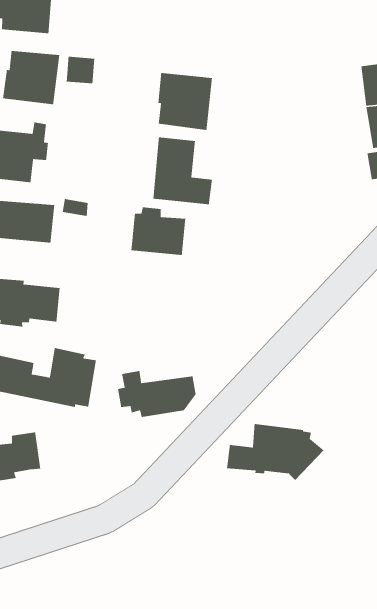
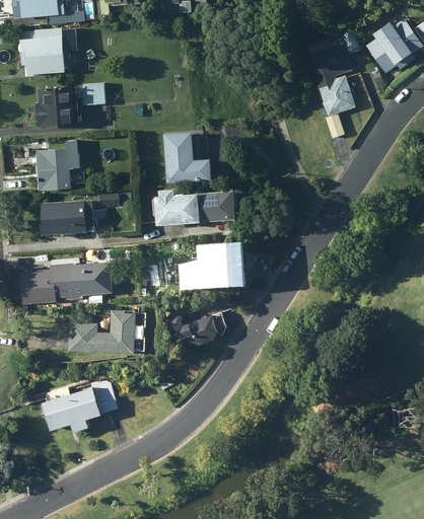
building: [158,72,213,131] -> none
building: none -> [195,191,236,223]
building: [226,423,324,481] -> [185,245,259,286]

